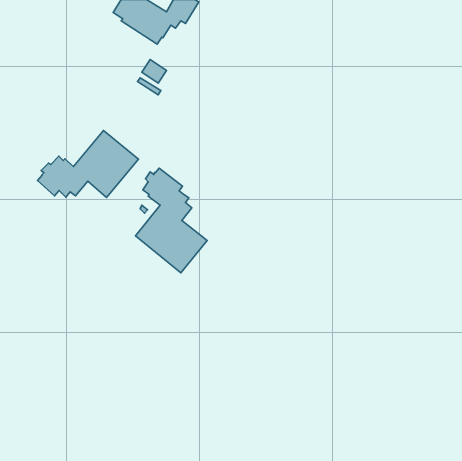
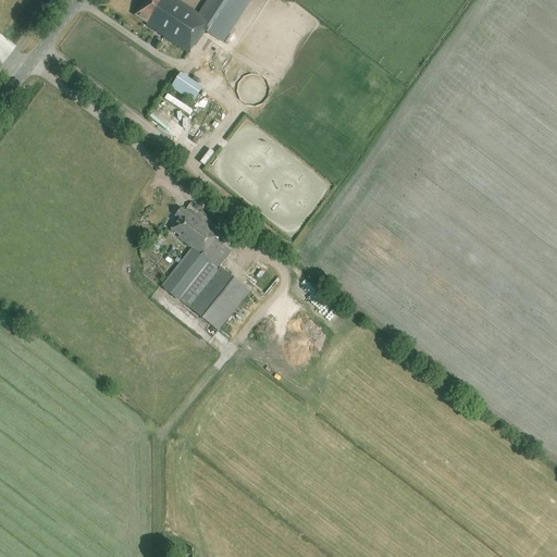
building: [38,131,138,198] -> none

